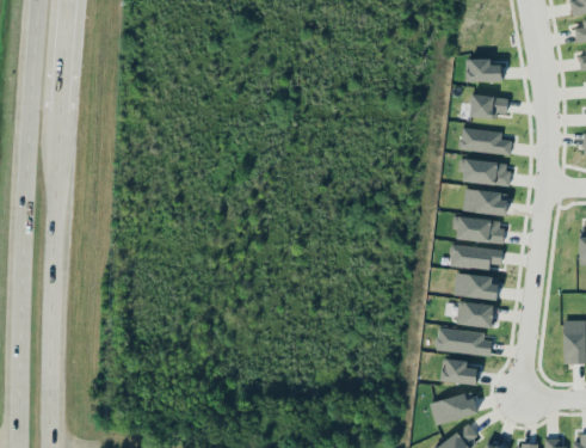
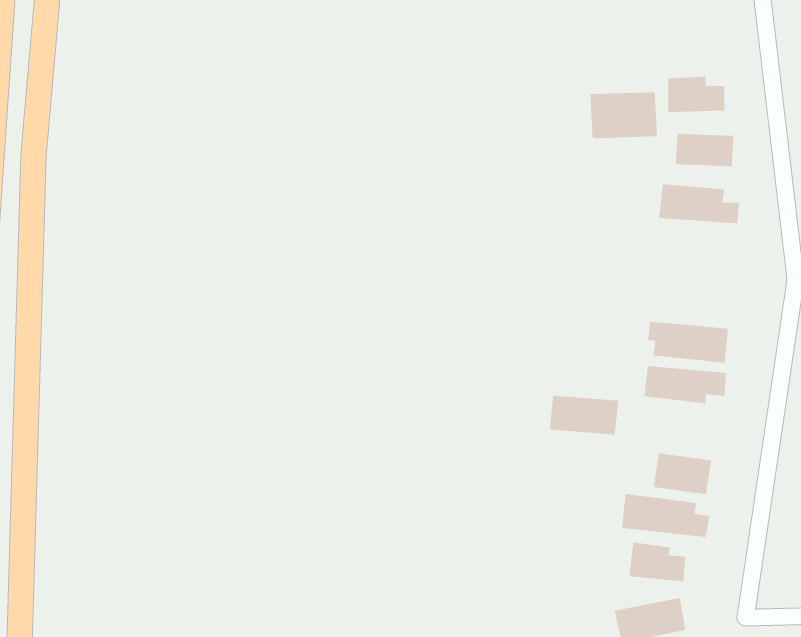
building: none -> [590,92,658,139]
building: [459,159,511,186] -> none
building: [463,188,510,216] -> none
building: [454,274,499,300] -> [549,395,619,436]

